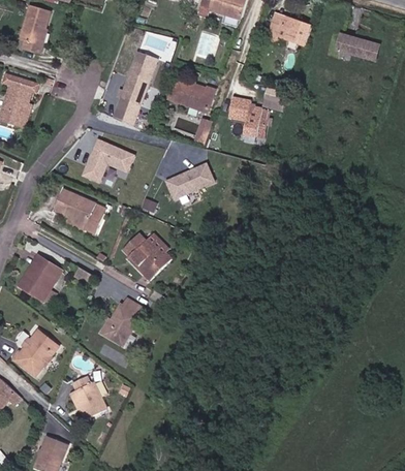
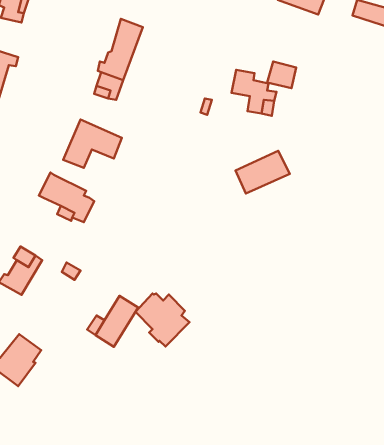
building: [172,74,216,109] -> none
building: [162,163,211,201] -> [236,151,290,194]
building: [124,231,173,279] -> [135,293,190,347]
building: [71,380,104,423] -> none

